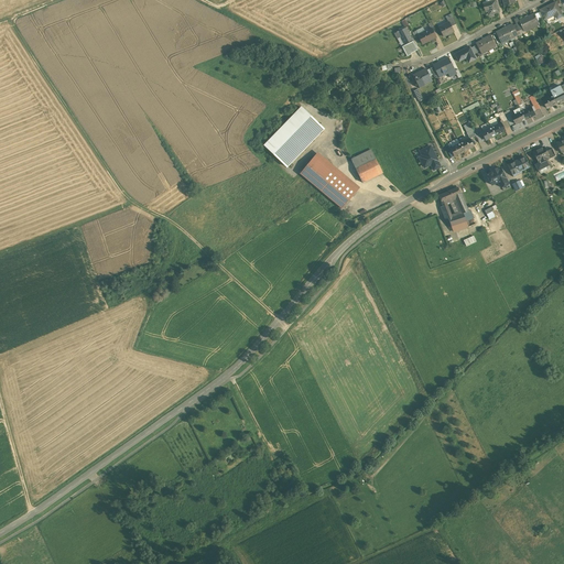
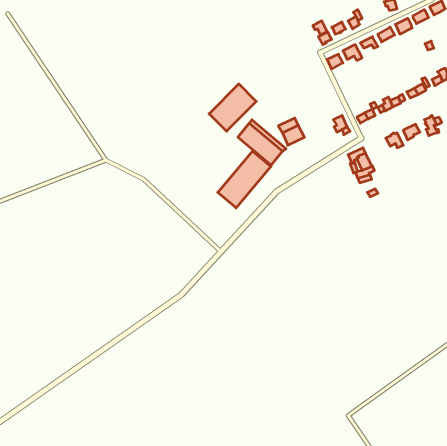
building: none -> [218,151,271,208]

